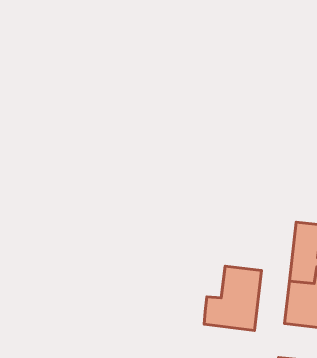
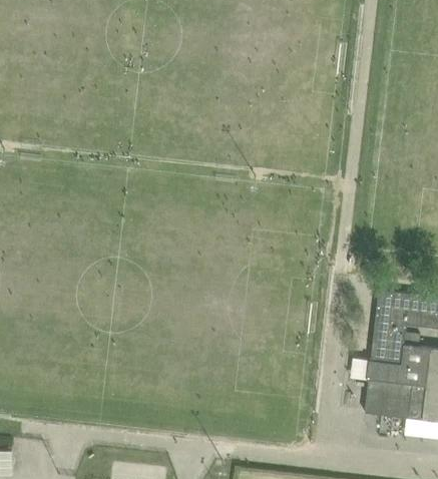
building: [204,266,261,331] -> none

